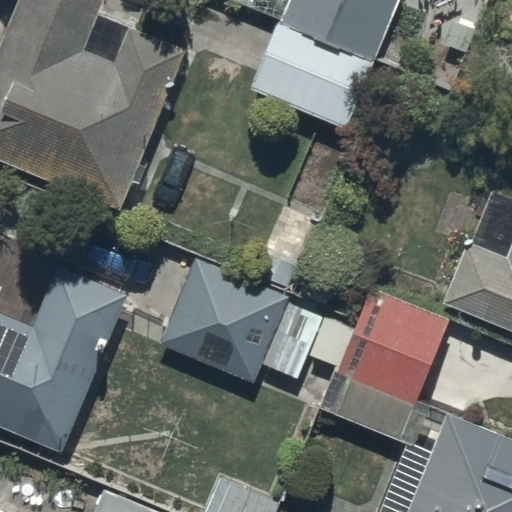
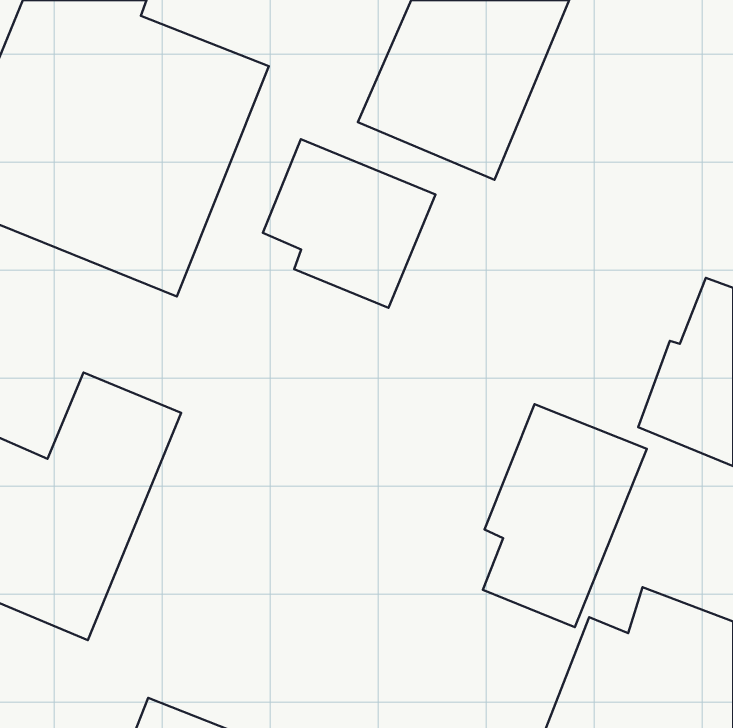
building: none -> [263,139,435,308]
building: [160,258,320,384] -> none

